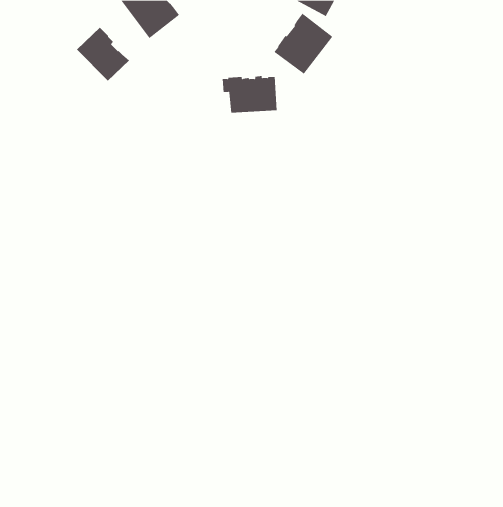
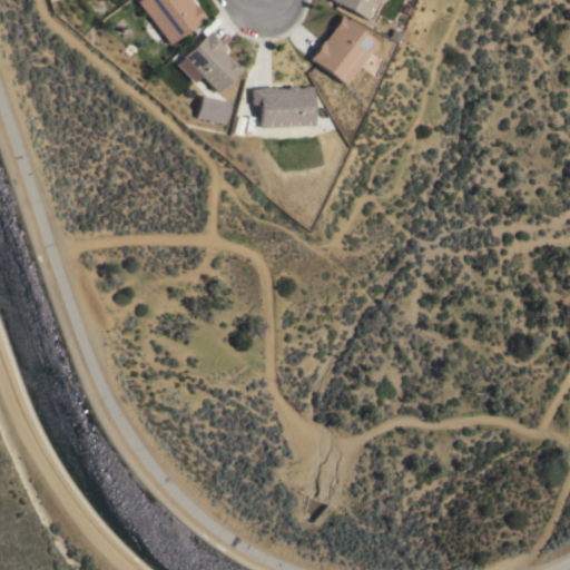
building: [76,27,130,81] -> [185,31,245,92]
building: none -> [199,98,232,124]

